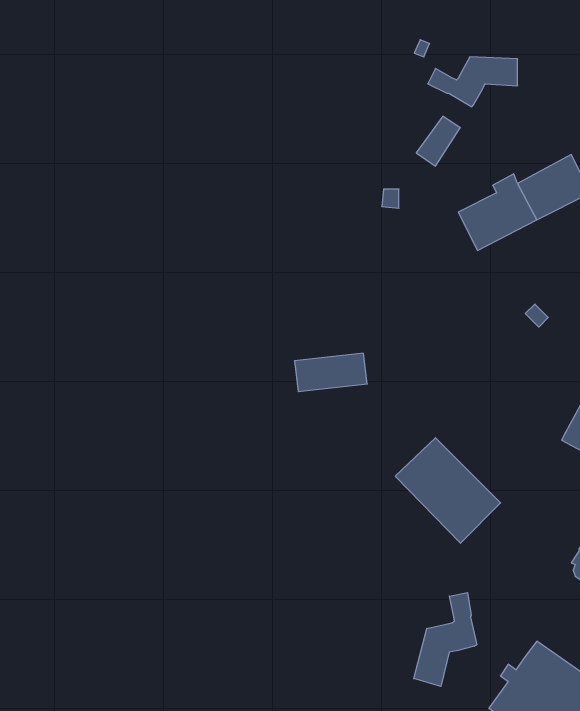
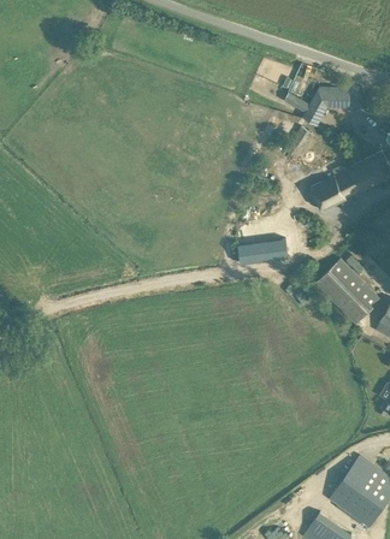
building: [294,353,367,392] -> [240,239,285,263]
building: [395,438,501,543] -> [313,259,379,325]
building: [414,593,477,686] -> none

